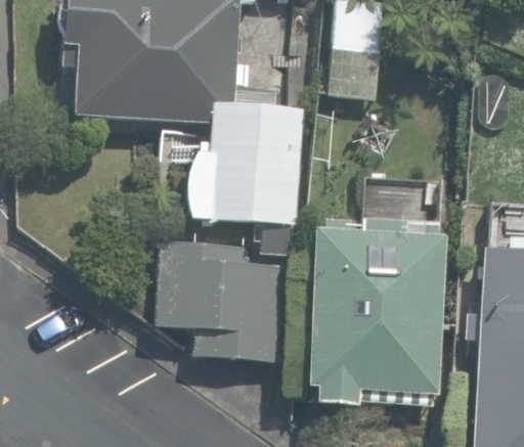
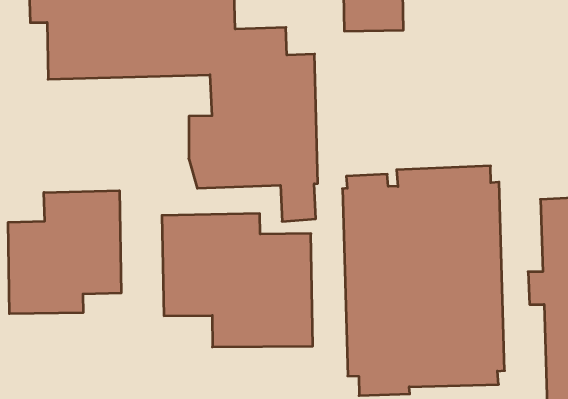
building: none -> [8,191,121,314]

